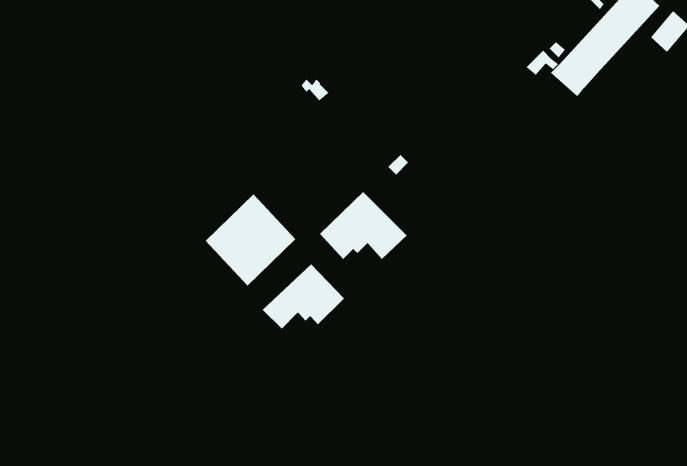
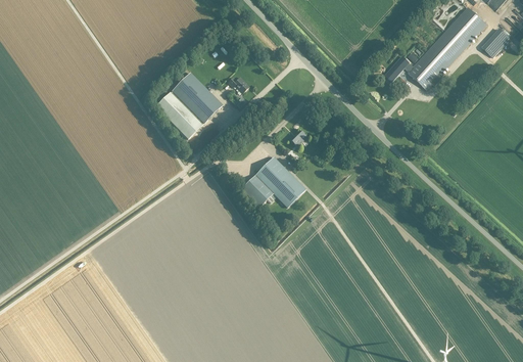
building: [205,194,296,286] -> [156,71,222,137]
building: [262,263,345,330] -> none

